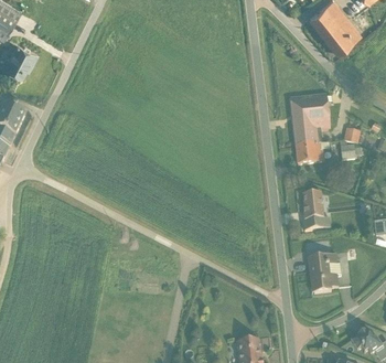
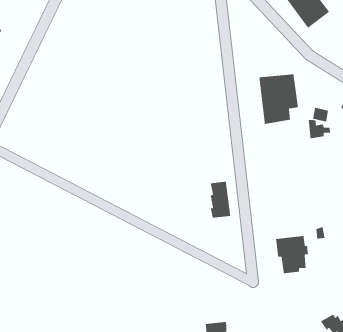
building: [296,140,324,162] -> none
building: [302,192,323,229] -> [210,181,231,219]

